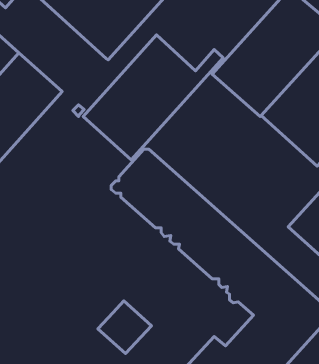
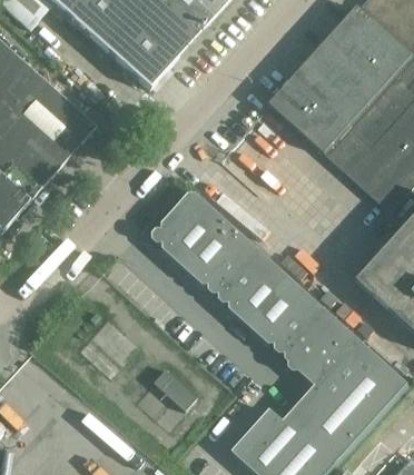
building: [83,35,223,160] -> none

